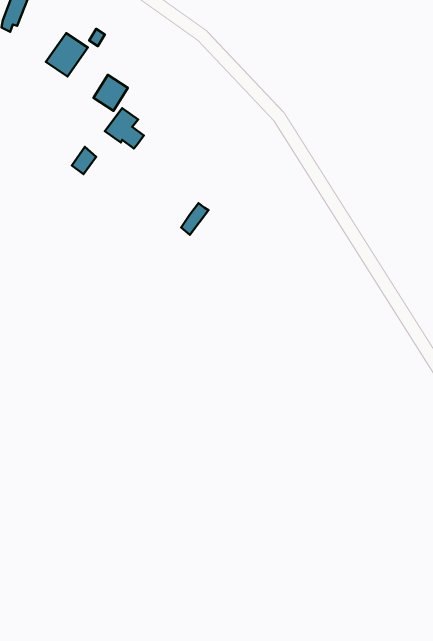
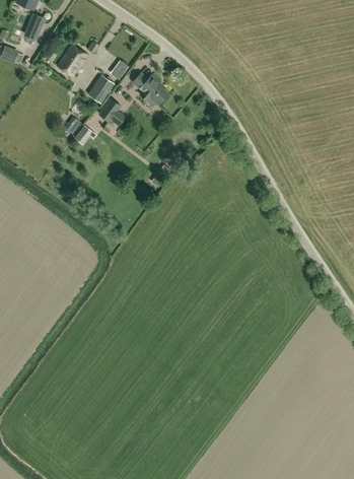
building: none -> [132,72,168,107]

